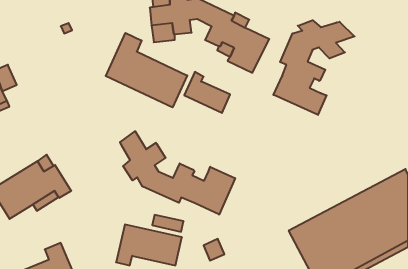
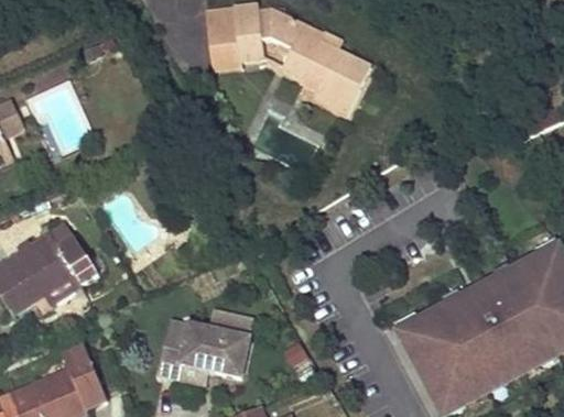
building: [273,20,355,115] -> none
building: [106,33,187,107] -> none
building: [120,131,235,215] -> none

